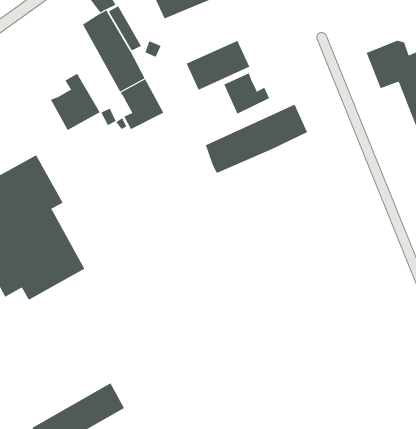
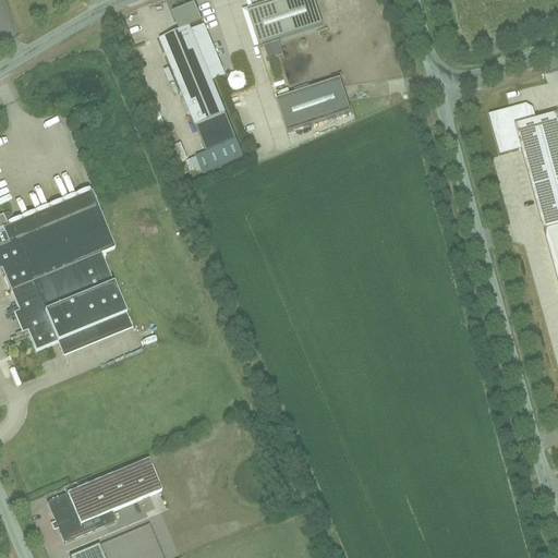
building: [223,73,270,115] -> none
building: [50,73,100,131] -> none
building: [205,104,308,174] -> none

